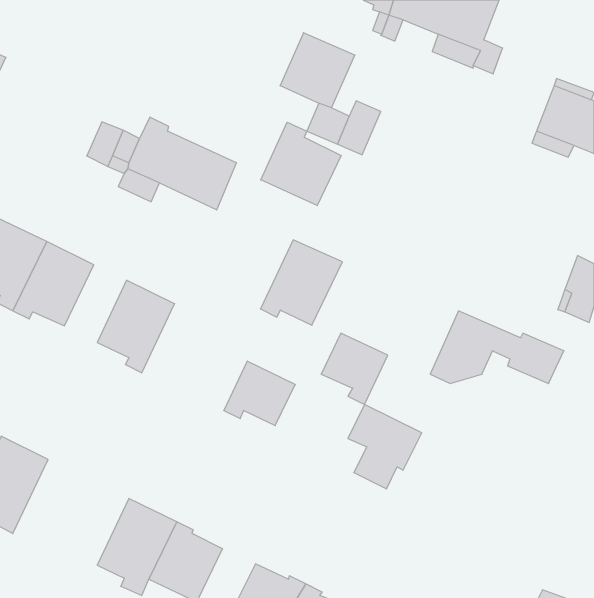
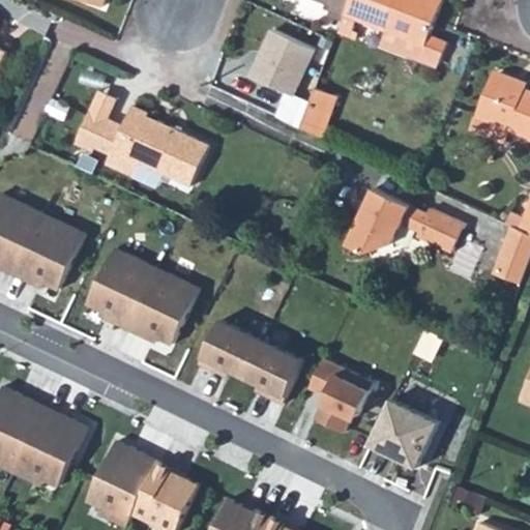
building: [261,122,341,206] -> none
building: [260,240,342,325] -> [125,269,198,345]
building: [430,311,564,384] -> [348,187,466,252]
building: [321,333,388,405] -> [243,341,302,404]
building: none -> [367,398,436,467]
building: none -> [11,407,85,487]

